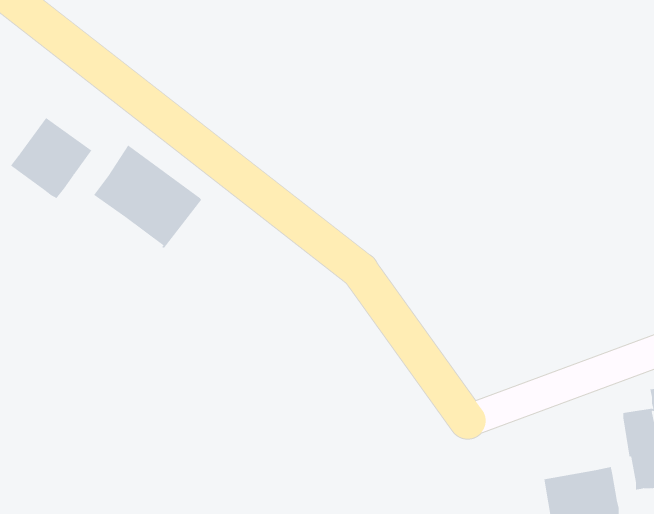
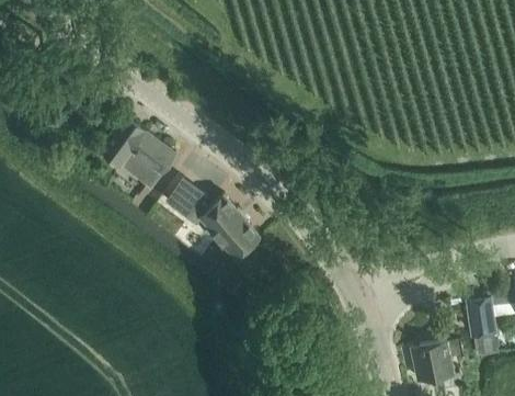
building: [10,117,92,199] -> none
building: none -> [168,181,260,260]

